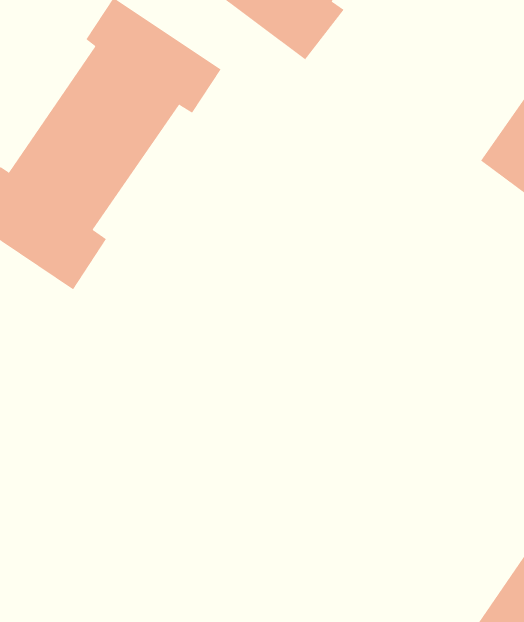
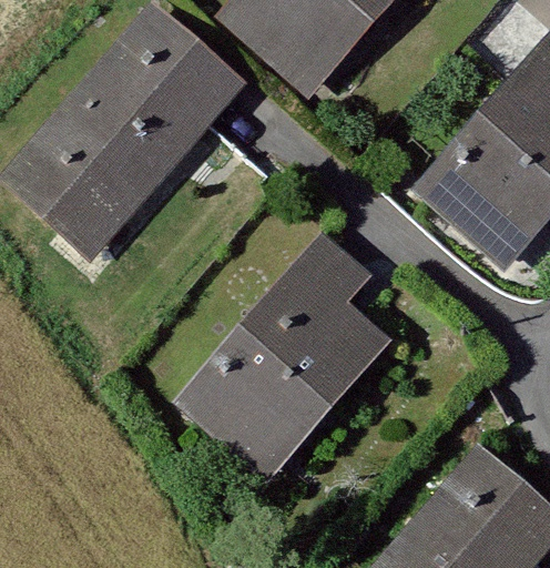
building: none -> [206,256,370,464]

